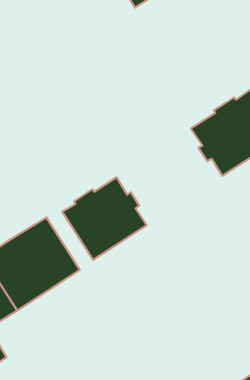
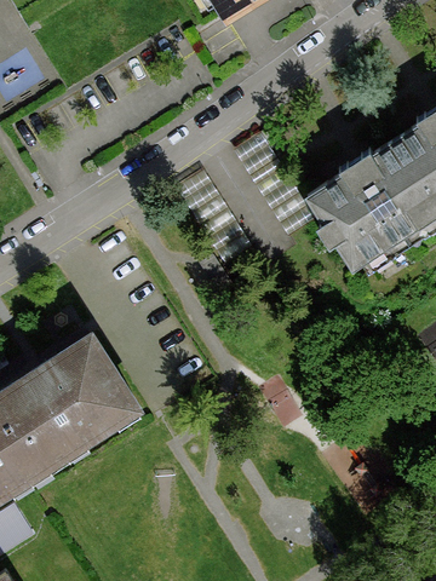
building: [62,177,147,260] -> none

